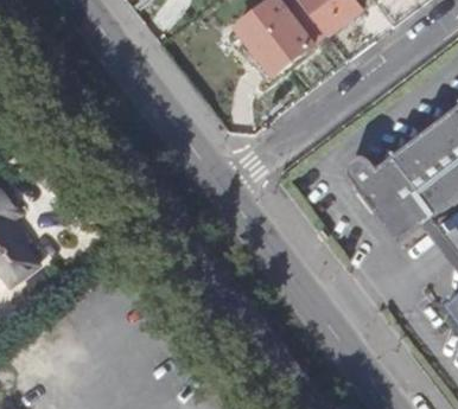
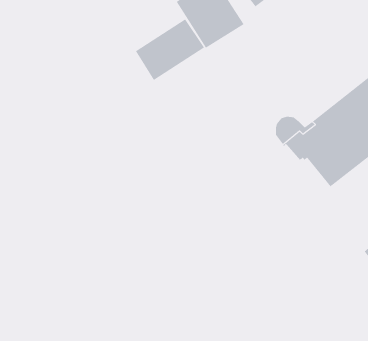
building: none -> [135,18,205,81]

